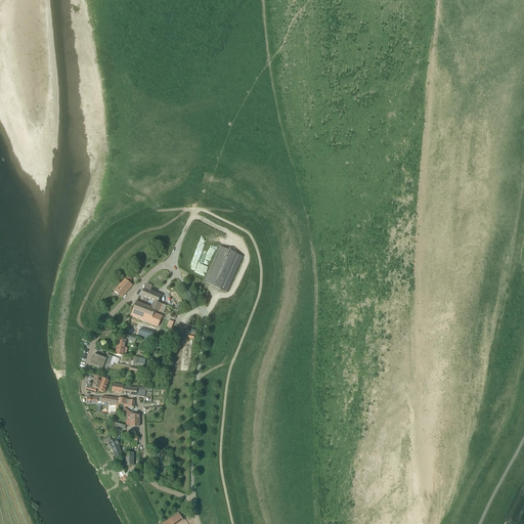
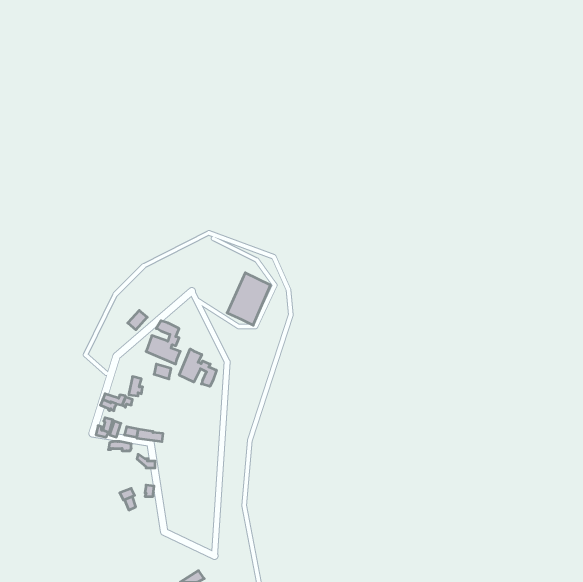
building: none -> [179,349,216,386]

